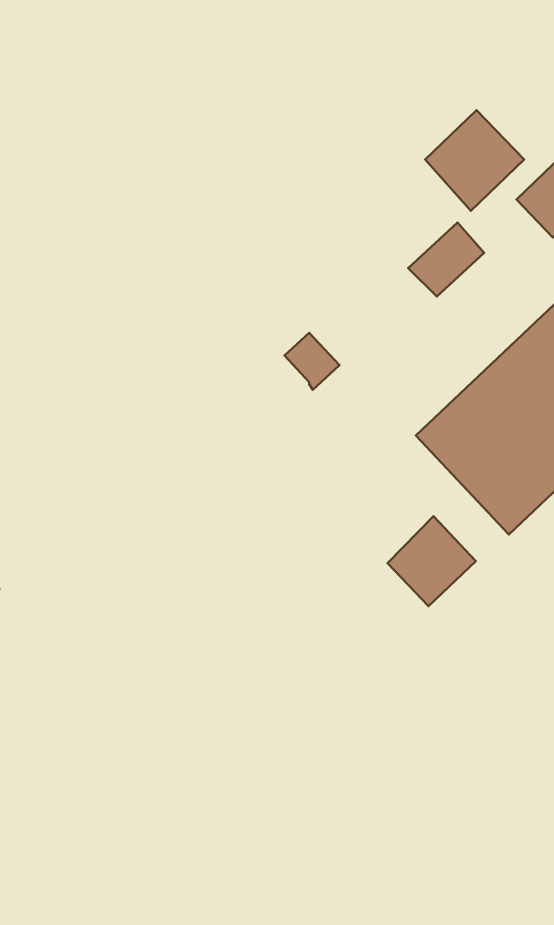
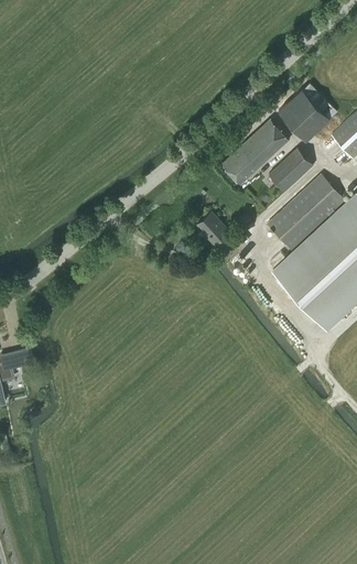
building: none -> [221,121,288,186]
building: none -> [268,176,345,251]
building: [387,516,476,606] -> none

